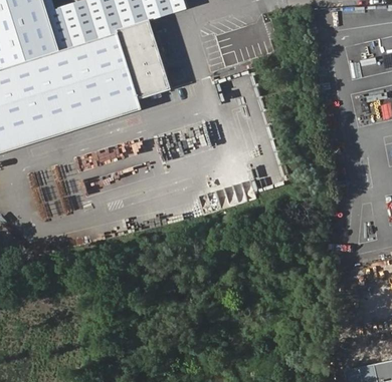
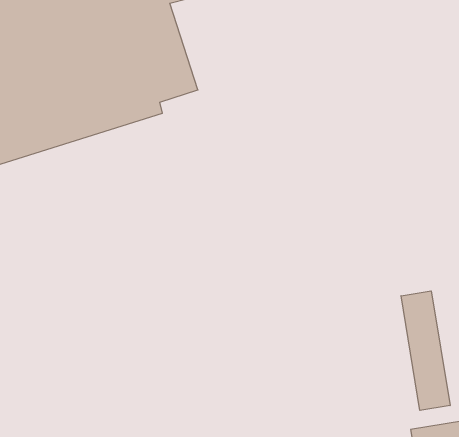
building: none -> [401,291,450,410]

